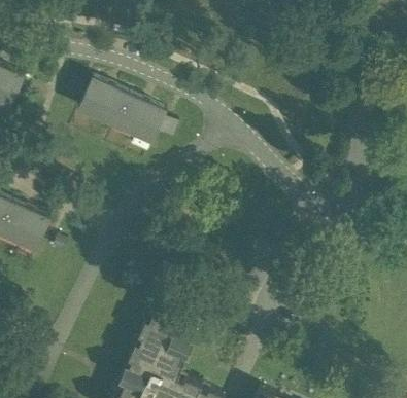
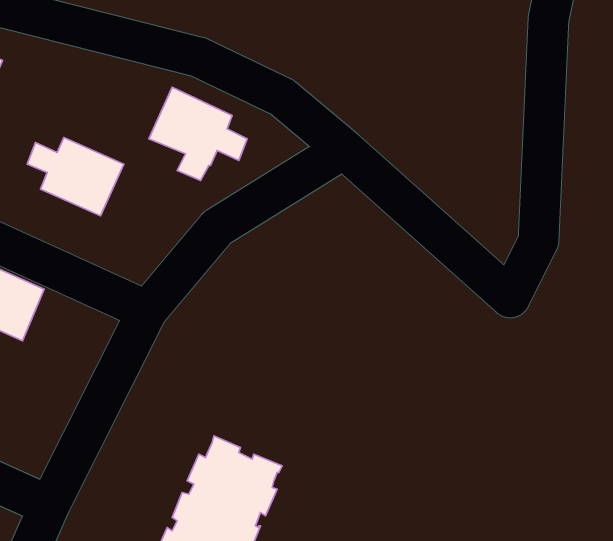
building: [68,76,128,124] -> [27,137,124,216]

